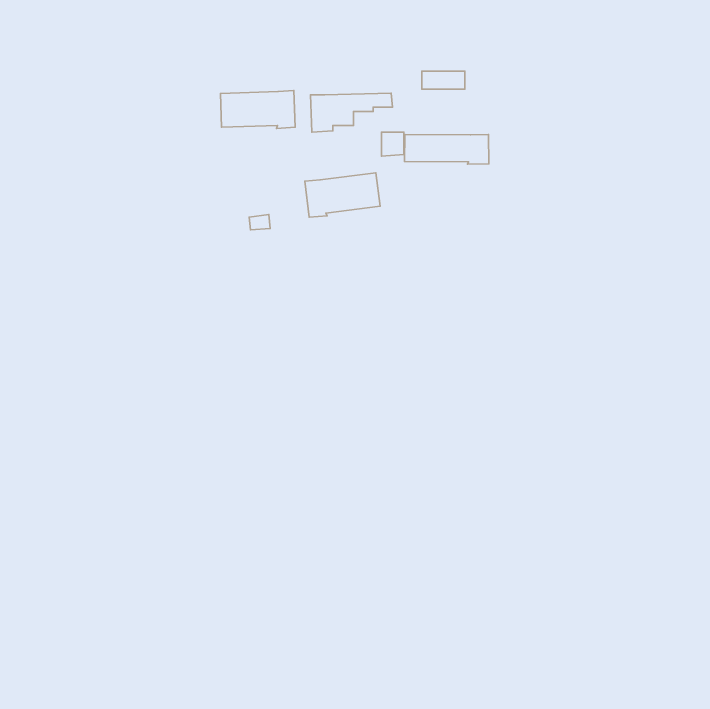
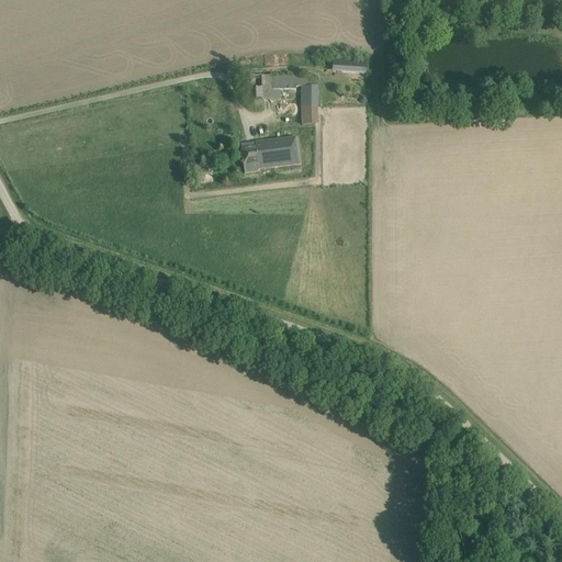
building: [221,91,295,129] -> none
building: [404,135,489,164] -> none

